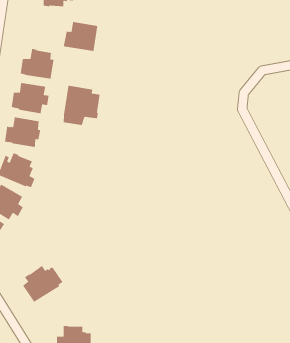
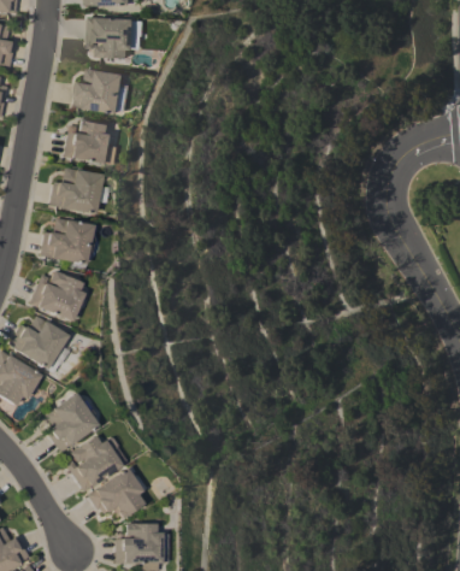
building: [63,21,98,52] -> [73,69,125,113]
building: [63,85,100,126] -> none
building: none -> [45,393,99,452]
building: none -> [88,467,145,518]

